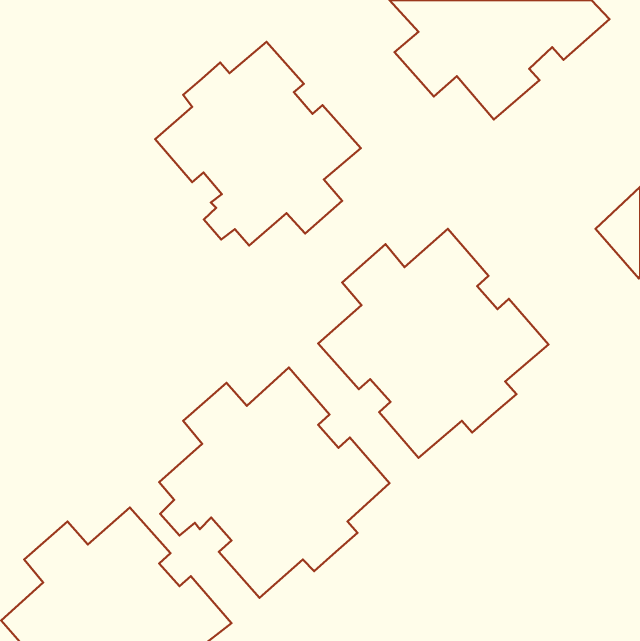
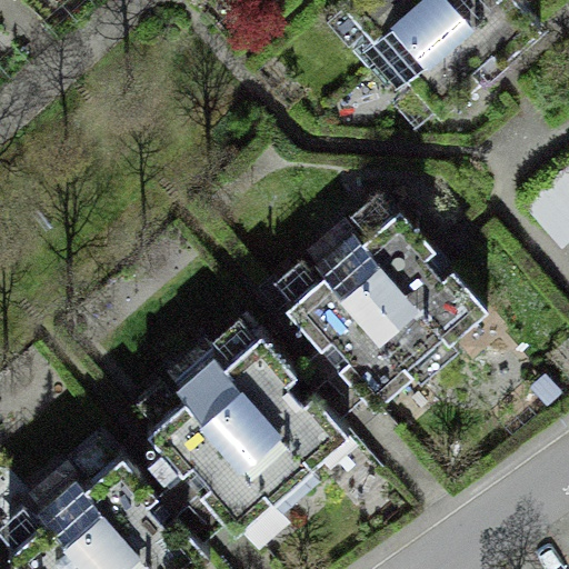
building: [155,42,361,245] -> none

